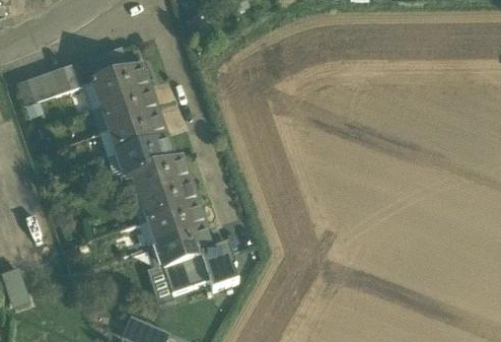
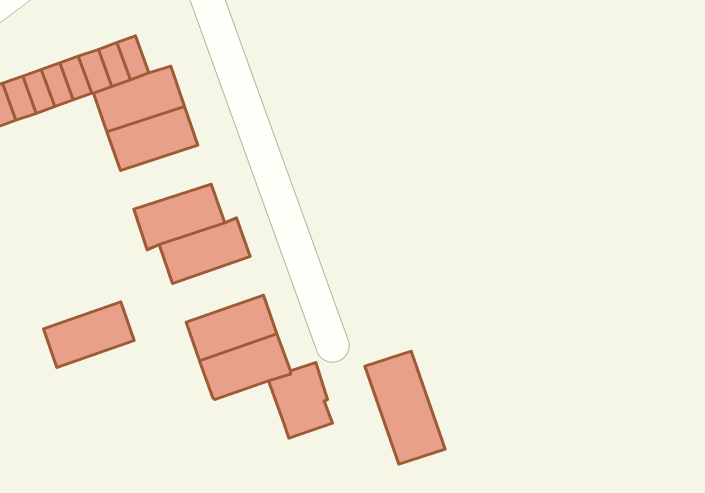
building: [108,112,162,150] -> none
building: [139,179,194,218] -> [43,302,134,368]
building: none -> [365,351,445,464]
building: [159,254,206,292] -> none

